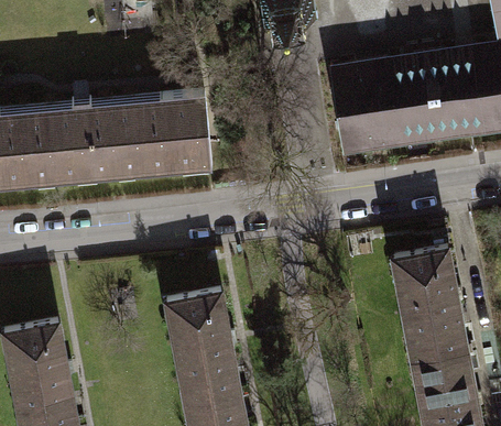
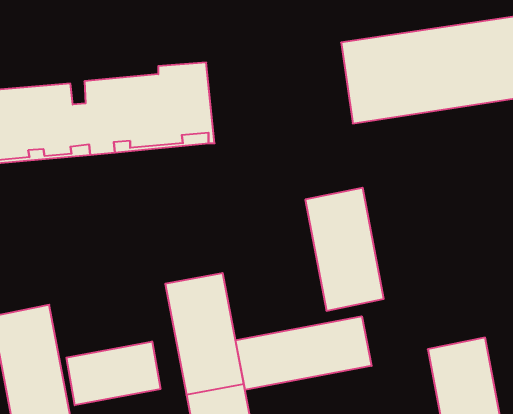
building: [393,248,467,363] -> [305,188,384,311]
building: none -> [235,316,372,390]
building: none -> [66,341,160,405]

